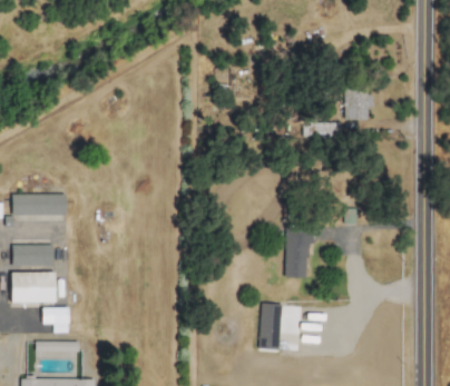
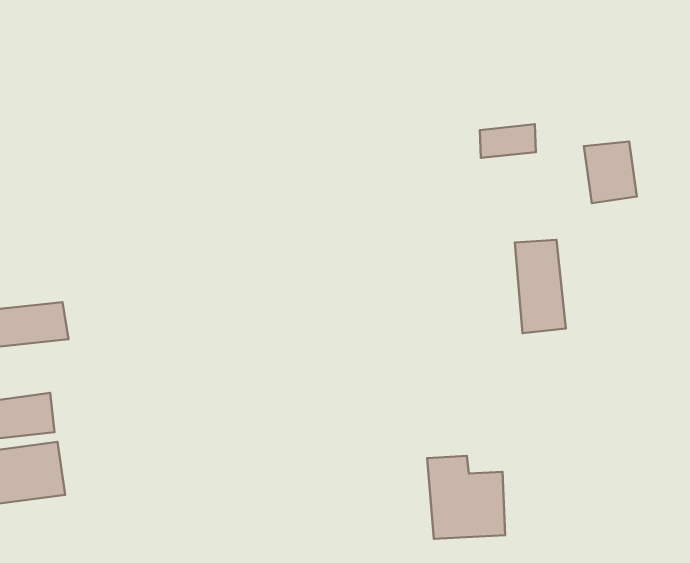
building: [344,88,371,120] -> [584,141,637,203]
building: [285,226,310,277] -> [515,240,566,333]
building: [42,307,68,333] -> none

